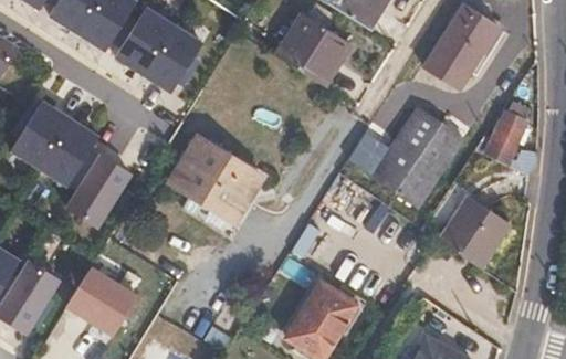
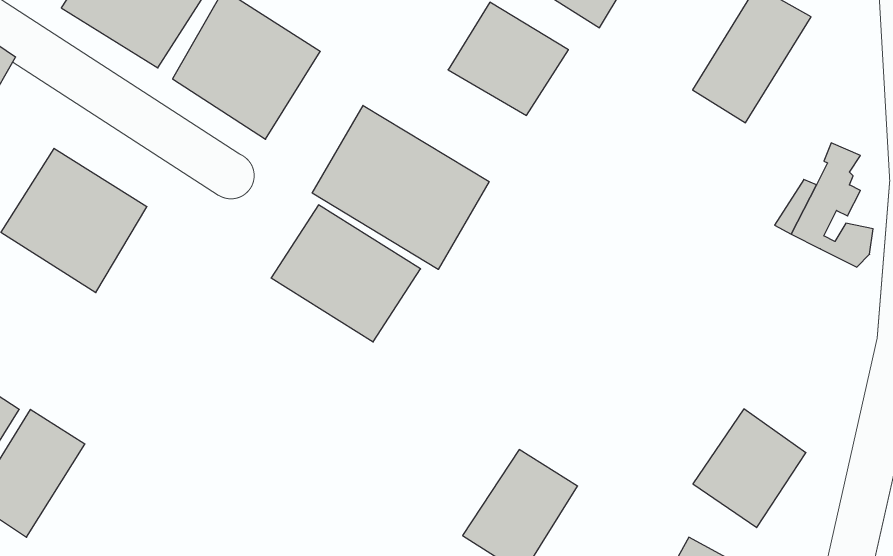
building: none -> [312,105,489,269]
building: [363,105,464,202] -> none
building: [61,155,130,232] -> none
building: [441,194,510,266] -> [693,409,806,528]
building: [60,264,132,334] -> none

